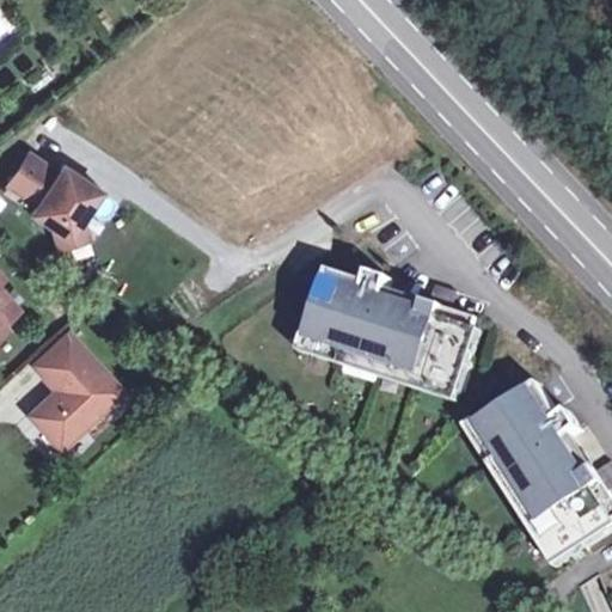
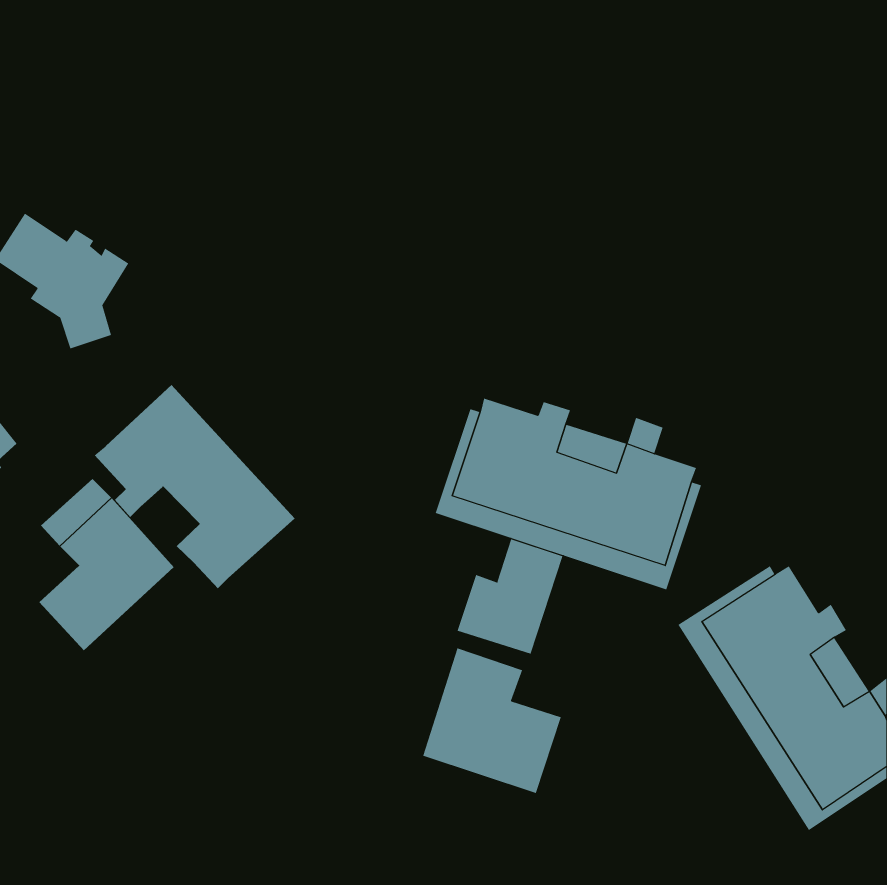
building: none -> [94,384,295,589]
building: none -> [457,538,563,654]
building: none -> [422,648,562,794]

